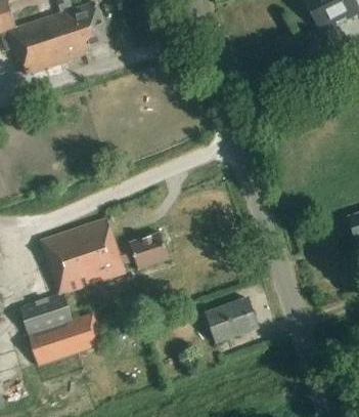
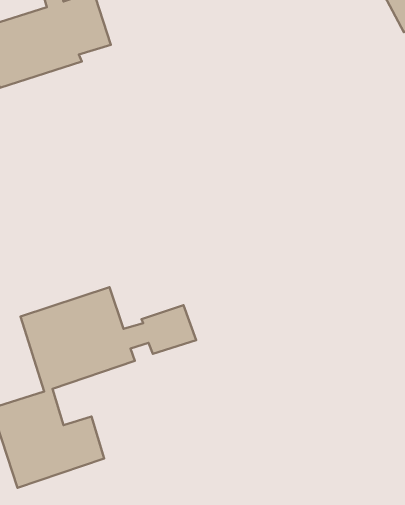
building: [203,297,259,344] -> none

